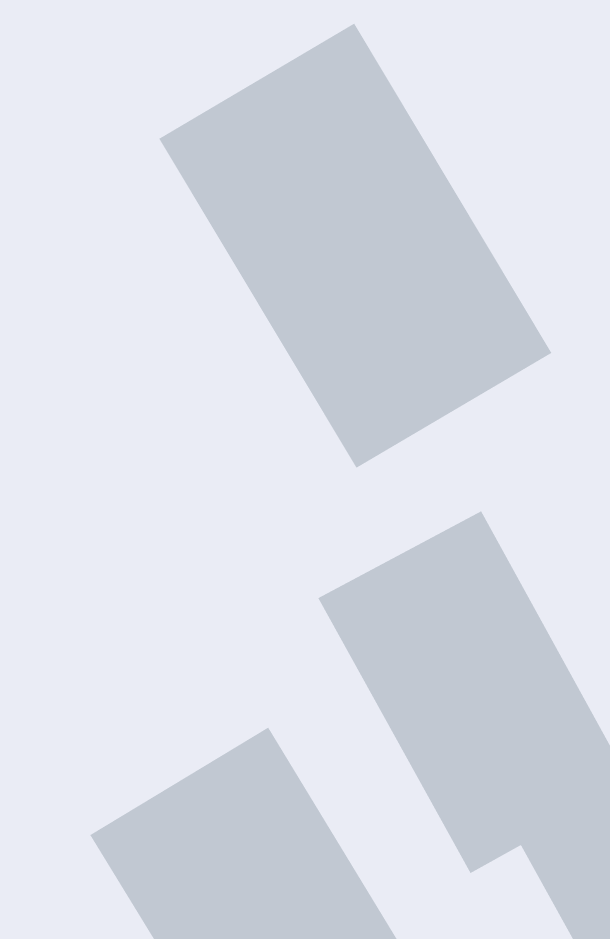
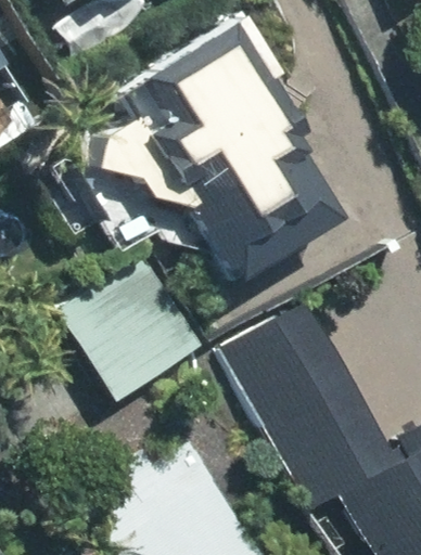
building: none -> [54,258,203,405]

